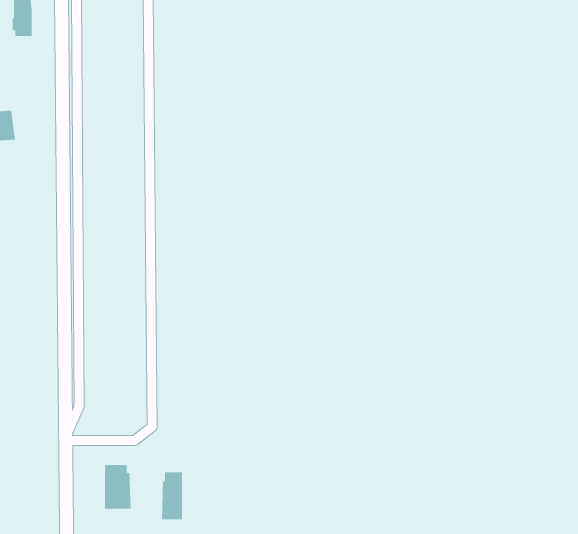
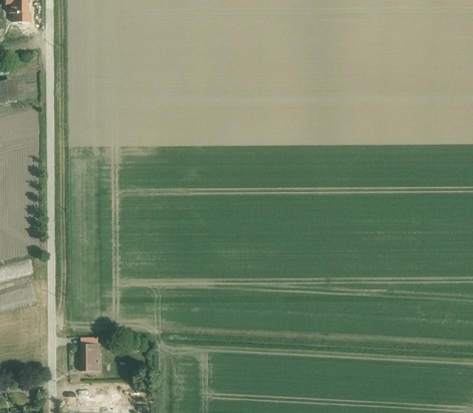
building: [161,472,183,520] -> none

